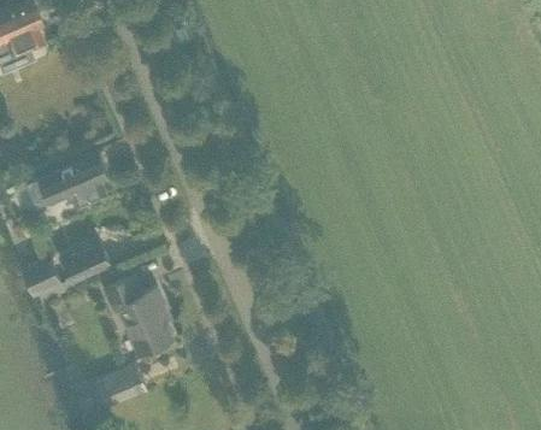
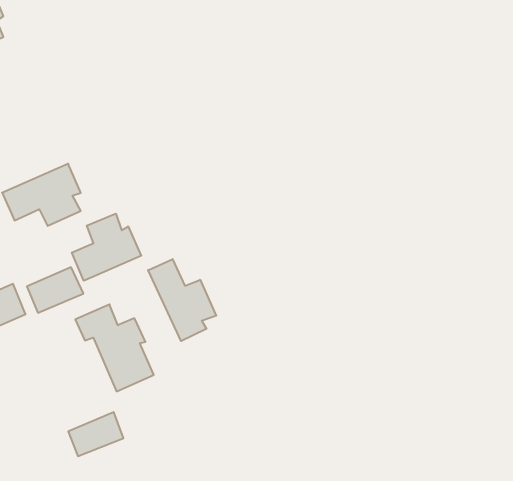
building: none -> [72,214,141,281]
building: none -> [148,259,216,341]

